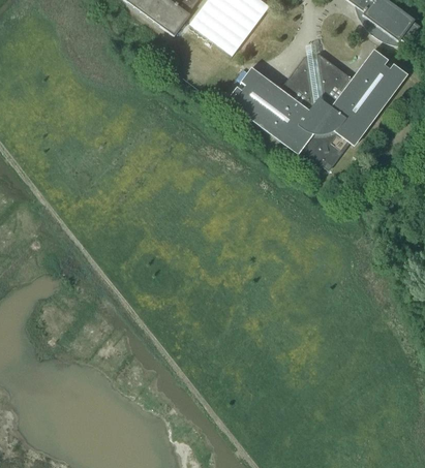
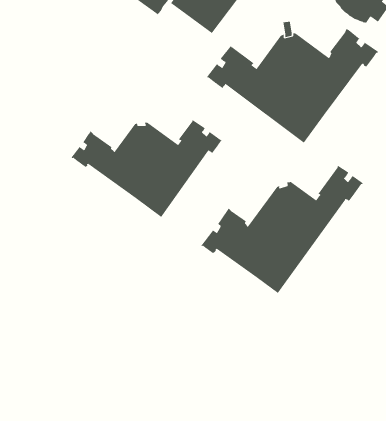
building: none -> [71,119,223,218]
building: none -> [201,165,363,294]

